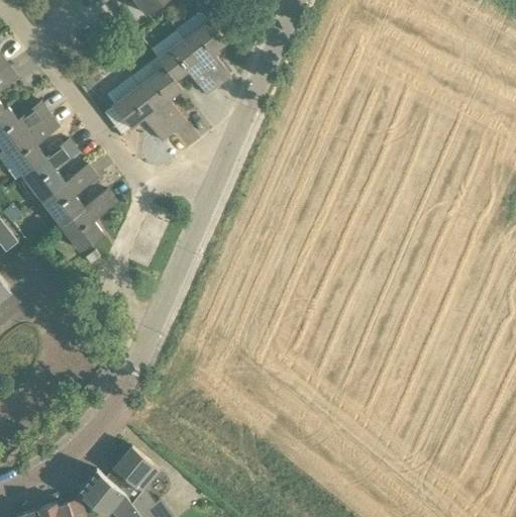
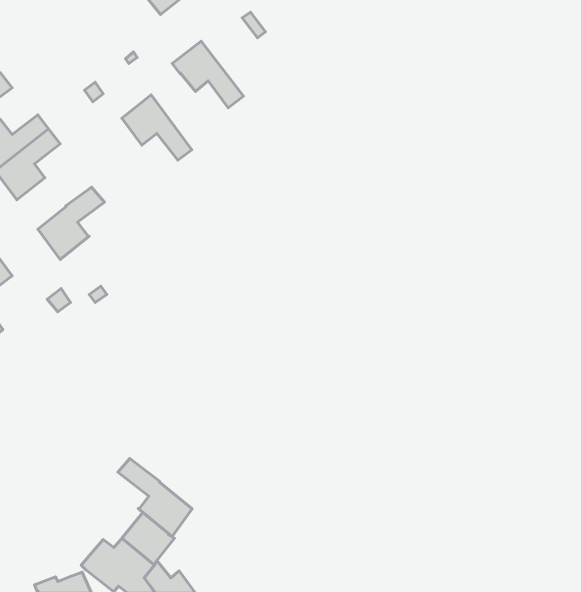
building: [180,18,229,86] -> none
building: [136,66,185,132] -> none
building: [20,139,77,201] -> none
building: [58,190,115,252] -> none
building: none -> [118,459,192,536]

